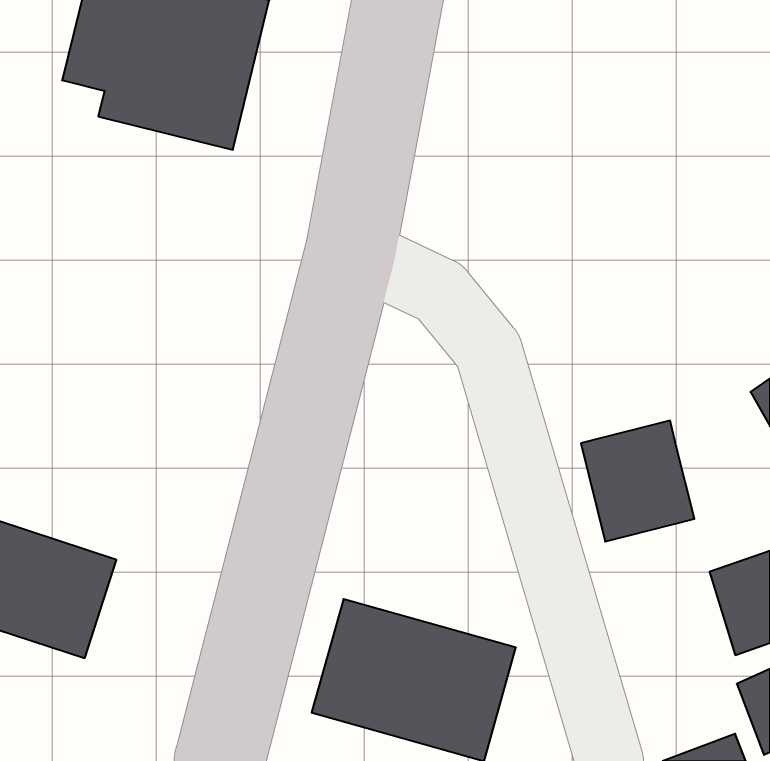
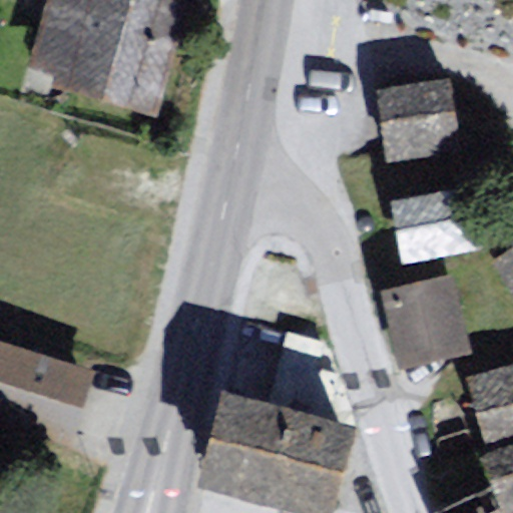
building: none -> [377,82,452,152]
building: none -> [394,185,479,252]

